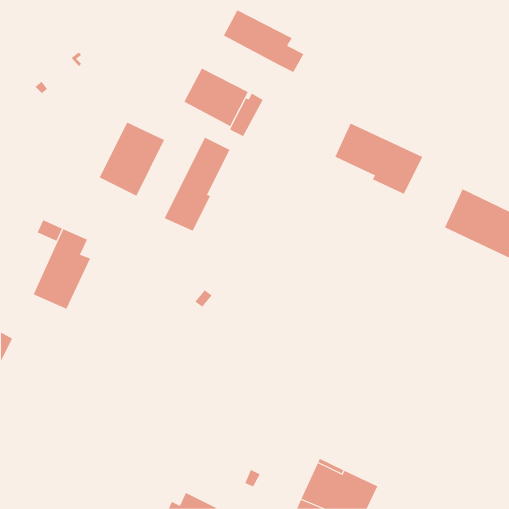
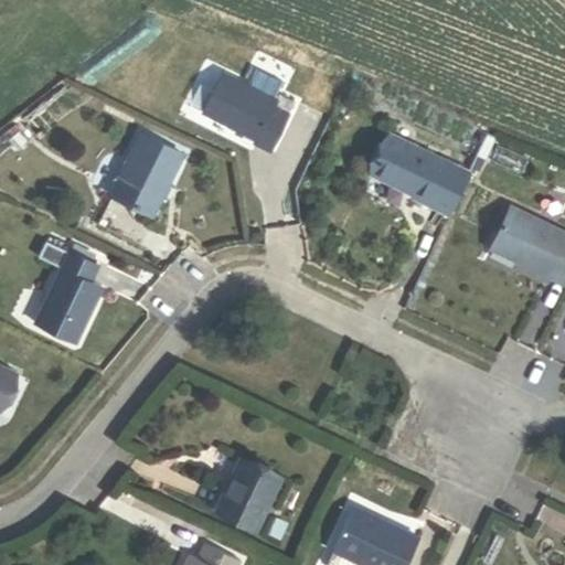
building: [223,10,304,73] -> none
building: [164,137,230,232] -> none
building: none -> [217,459,280,530]

